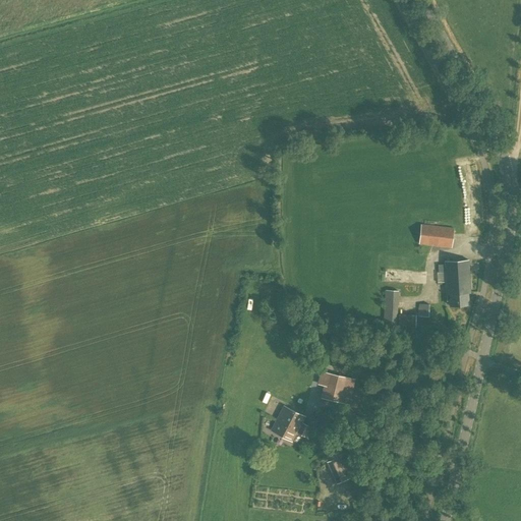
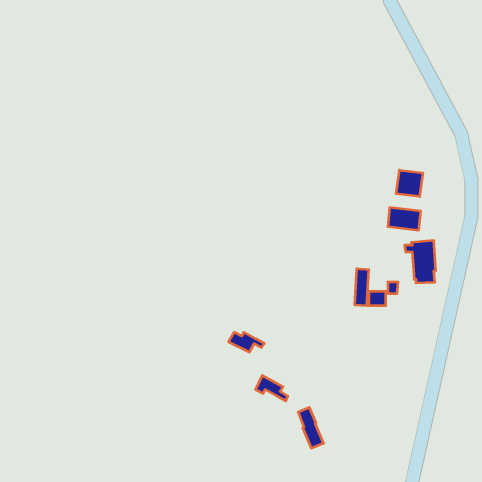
building: none -> [396,170,423,197]
building: [317,370,355,404] -> none
building: [270,420,308,442] -> [229,332,264,352]

